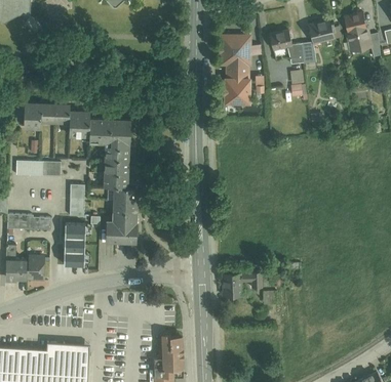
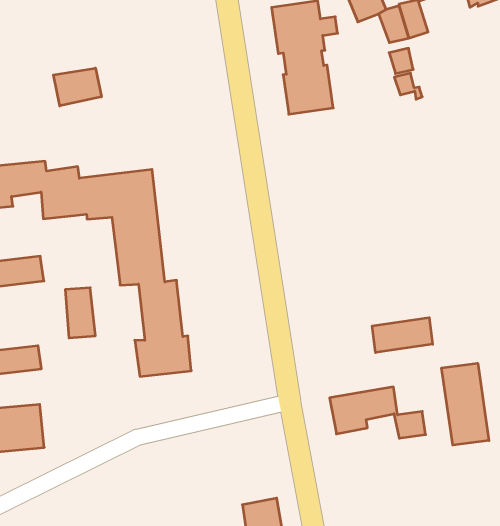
building: none -> [53,68,101,106]
building: [63,223,84,265] -> none
building: none -> [372,318,433,353]
building: none -> [442,363,489,445]

